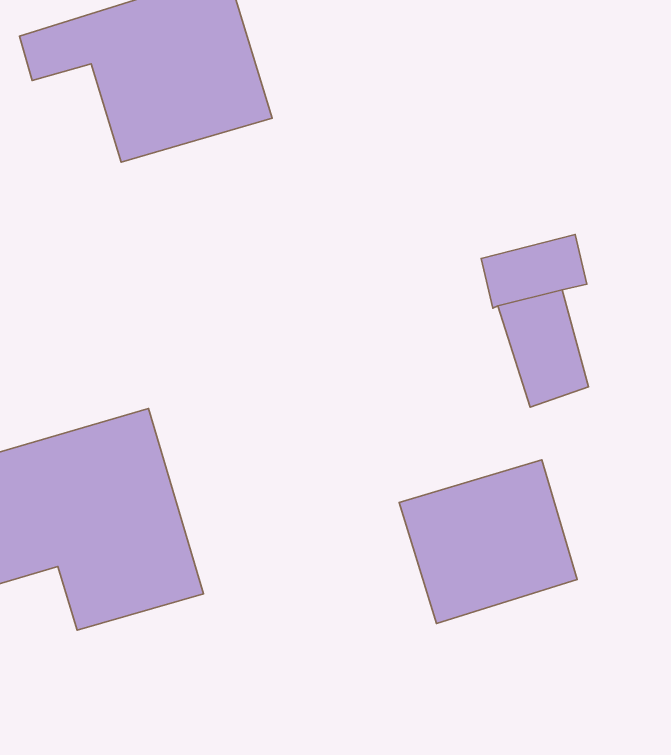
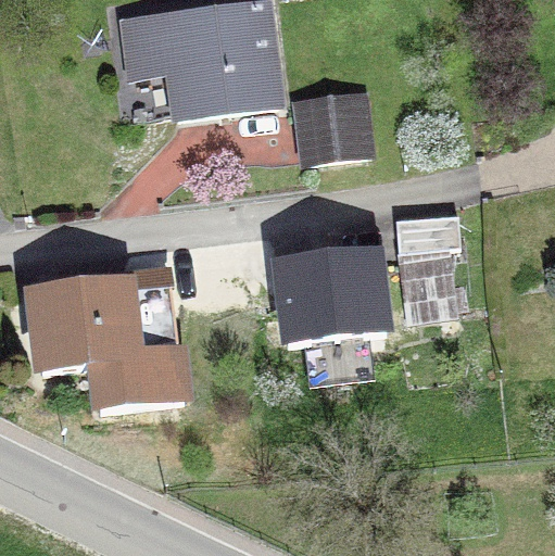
building: none -> [297,94,363,162]
building: [399,460,577,624] -> [277,249,381,341]

